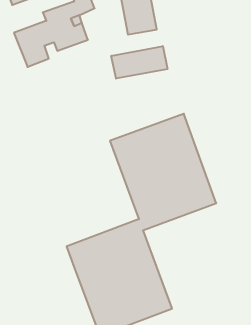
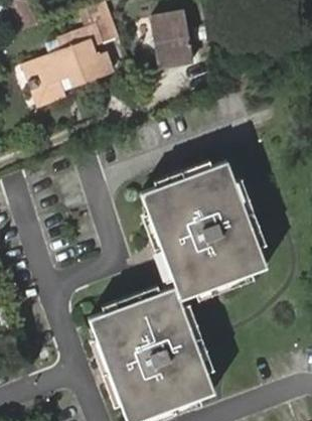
building: [111,46,167,79] -> none

